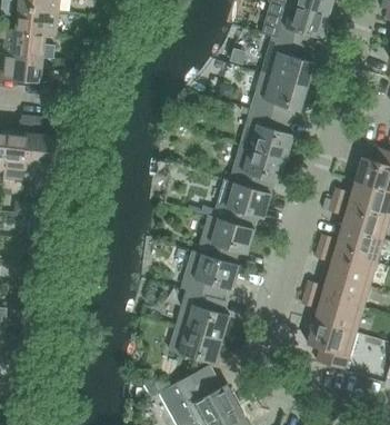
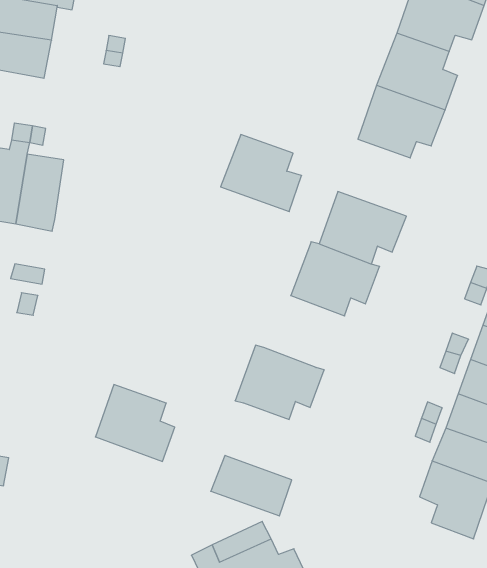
building: [240,109,293,158] -> [221,135,302,212]
building: [198,215,254,263] -> none
building: [177,289,229,338] -> [95,385,175,461]

